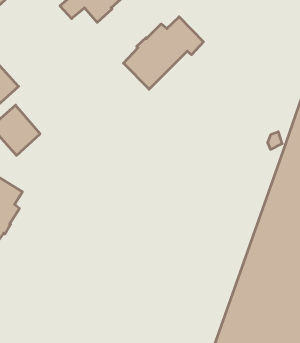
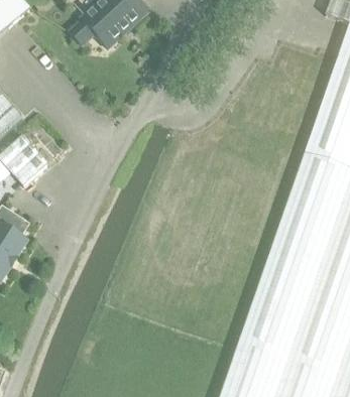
building: [123,17,203,89] -> none

